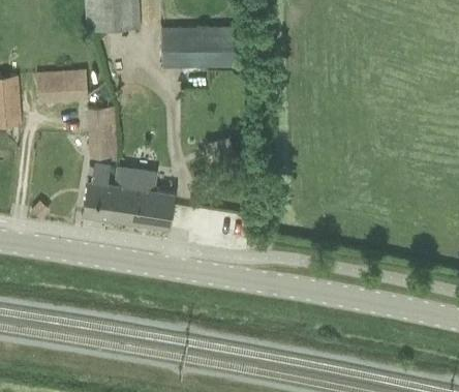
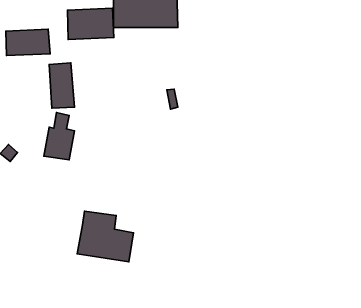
building: none -> [68,8,114,40]
building: [111,170,175,228] -> [77,211,133,262]

